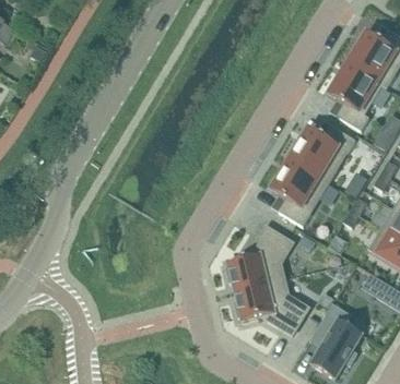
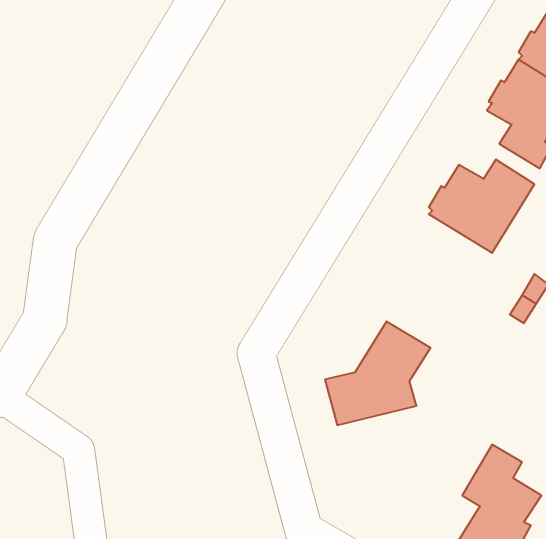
building: [273,158,331,226] -> none
building: [235,277,308,333] -> none

